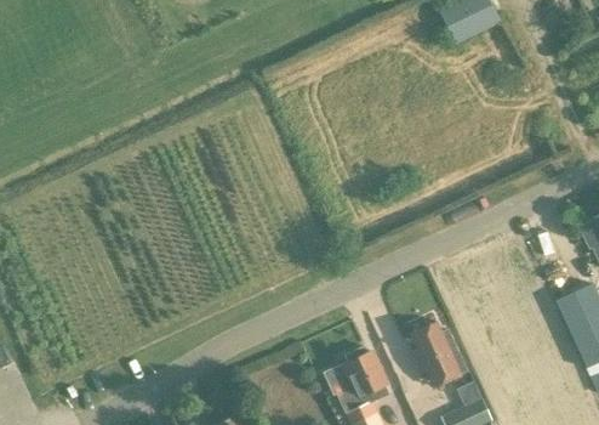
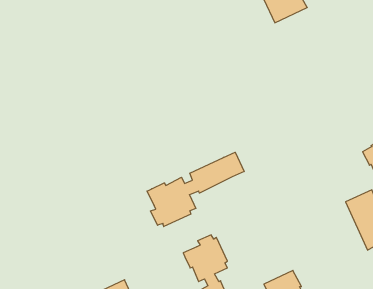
building: none -> [147,152,244,227]
building: [409,321,467,382] -> none

